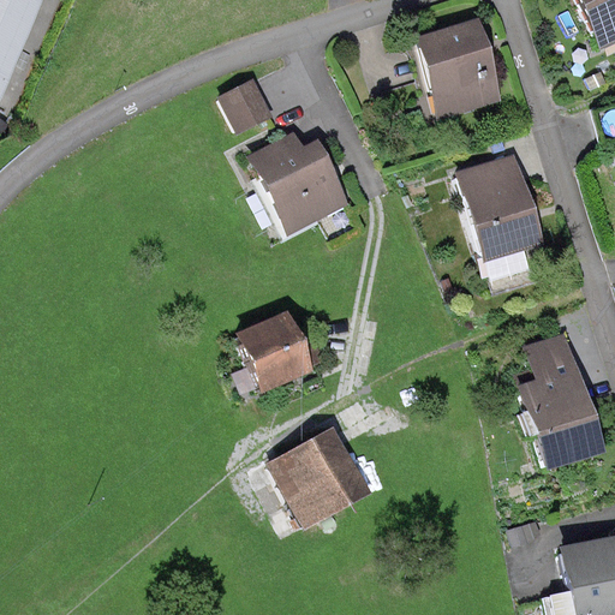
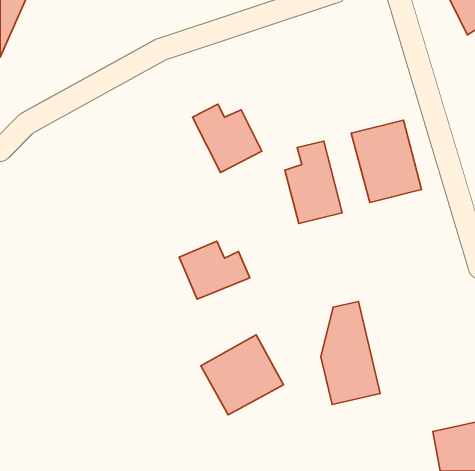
building: [414,18,503,117] -> none
building: [221,74,270,124] -> none
building: none -> [285,141,342,223]
building: [525,345,601,477] -> [321,301,380,405]

